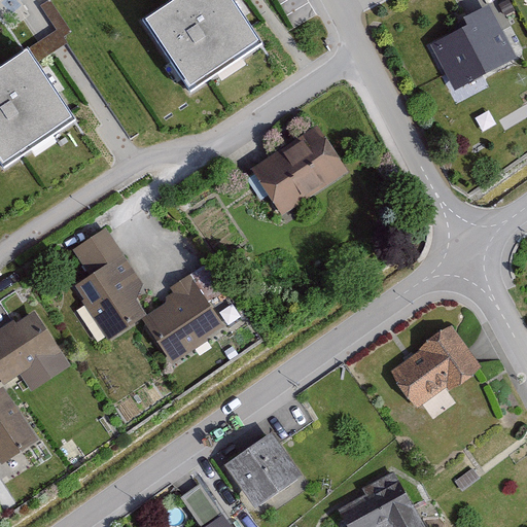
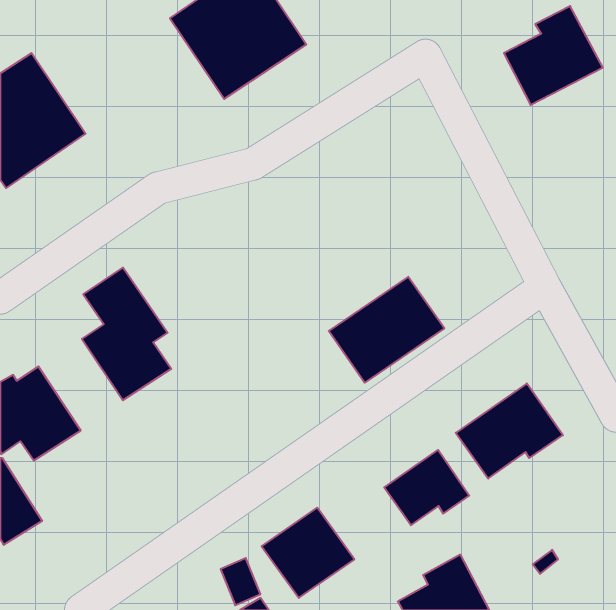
building: [248,126,347,216] -> [329,277,444,383]
building: [143,262,224,363] -> none
building: none -> [384,450,469,525]

